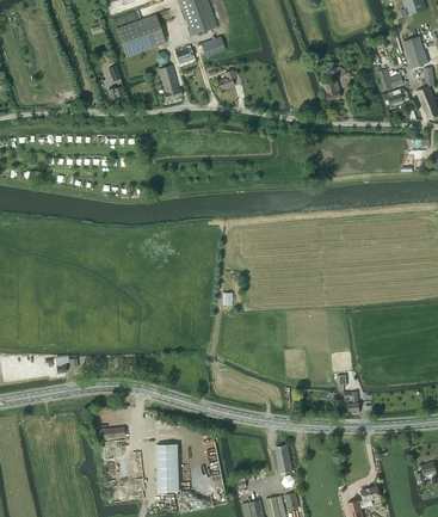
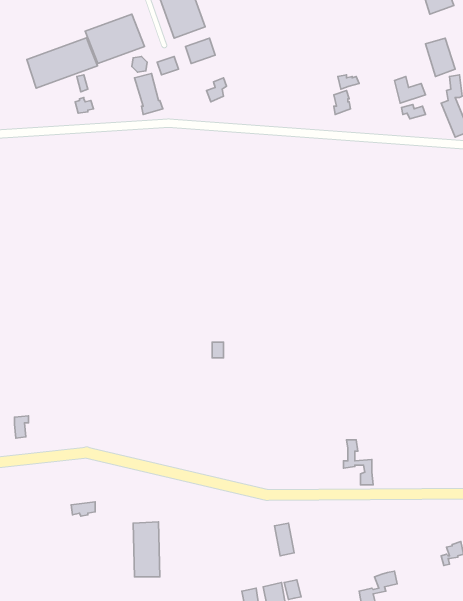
building: none -> [27,38,97,88]

